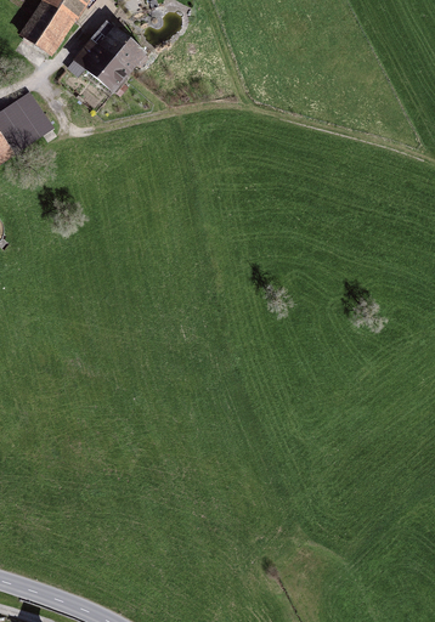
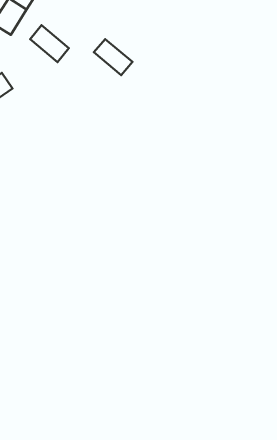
building: [91,21,145,70] -> [94,39,132,75]

